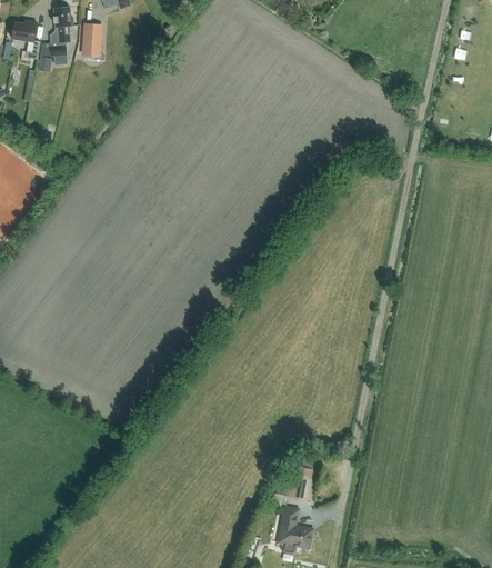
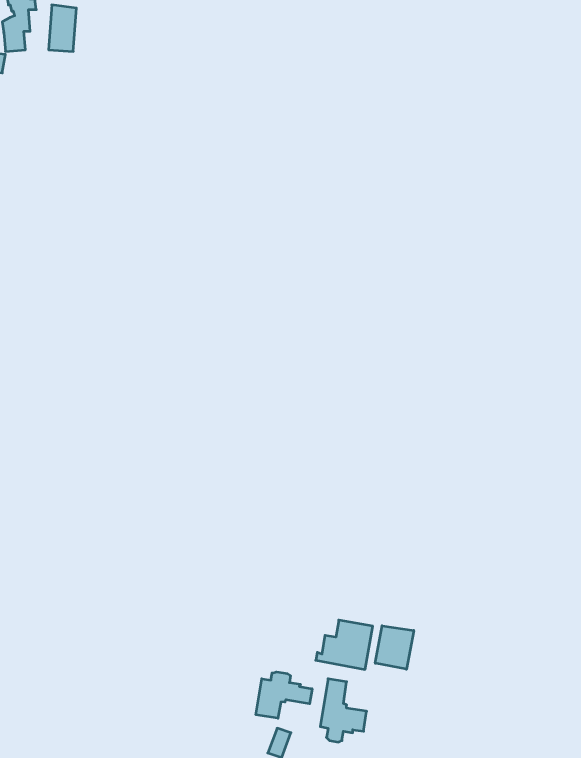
building: none -> [375,626,414,669]
building: none -> [256,672,312,718]

